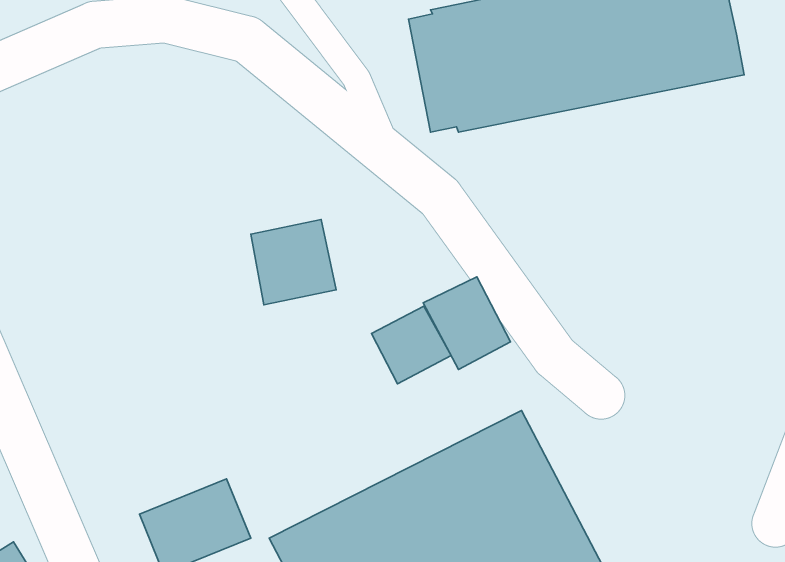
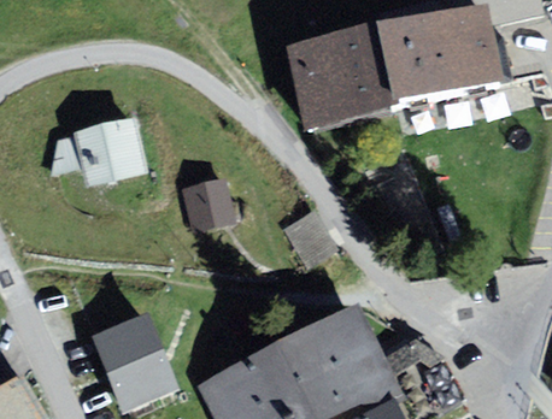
building: none -> [46,118,149,189]
building: [371,306,451,384] -> none
building: none -> [92,308,164,370]

